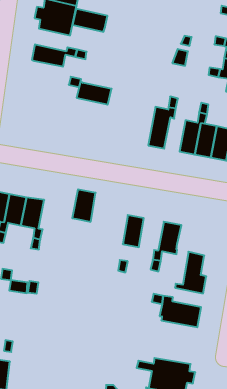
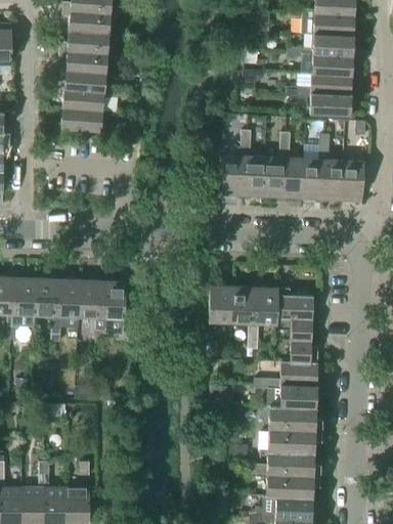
building: [72,9,107,32] -> [64,69,106,92]
building: [77,82,112,105] -> [61,108,103,132]
building: none -> [244,156,265,196]
building: [72,189,96,222] -> [101,280,126,318]
building: none -> [229,286,256,323]
building: none -> [276,288,313,321]
building: none -> [280,366,317,386]
building: none -> [268,409,322,454]

